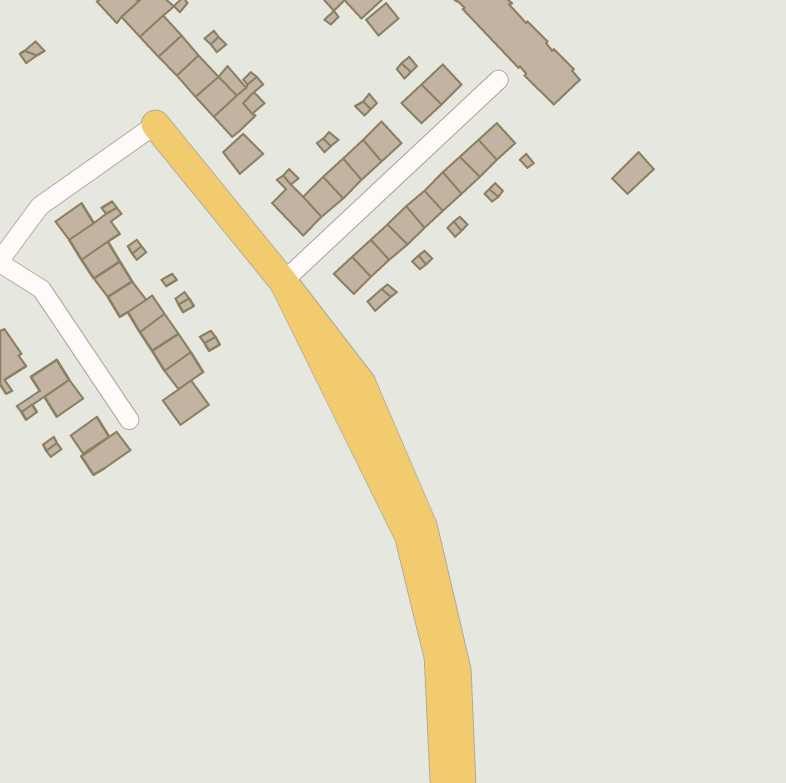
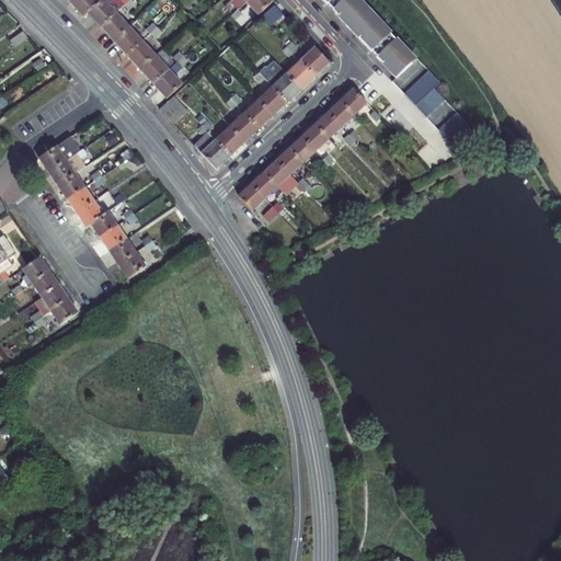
building: none -> [272,66,300,102]
building: none -> [402,68,443,114]
building: [163,380,209,425] -> none
building: [81,432,130,475] -> [34,284,69,314]

